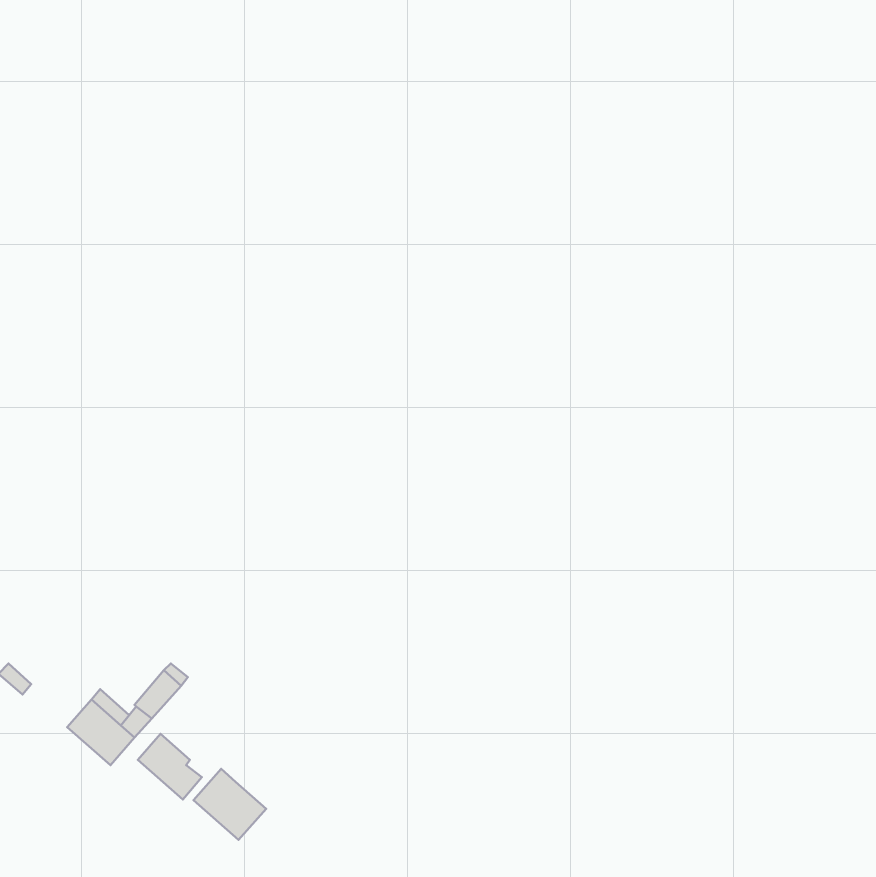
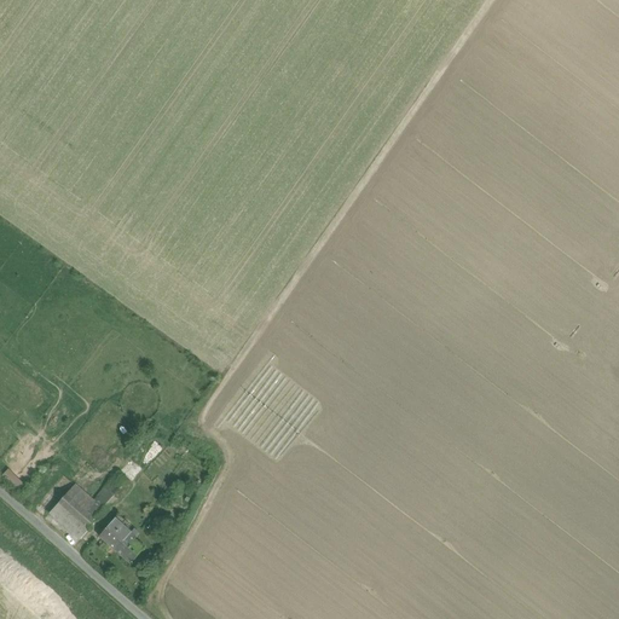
building: [193,769,266,840] -> none

